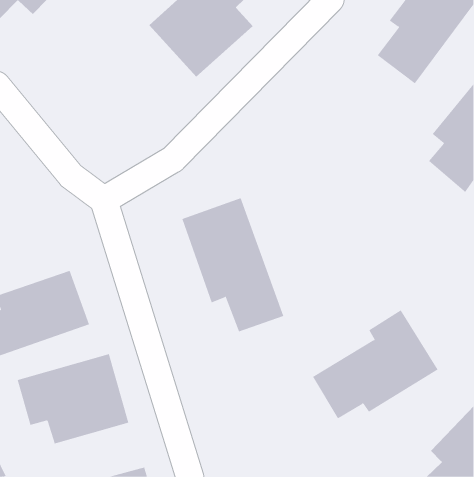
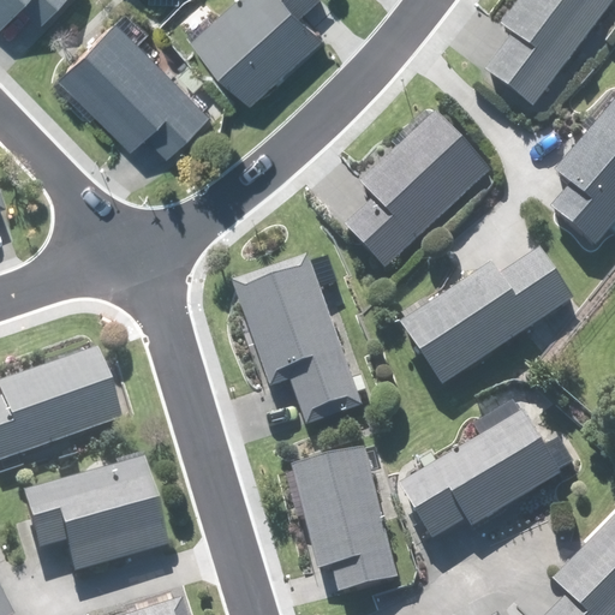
building: none -> [59,12,214,154]
building: none -> [346,111,492,269]
building: none -> [401,246,575,387]
building: none -> [293,447,400,593]

